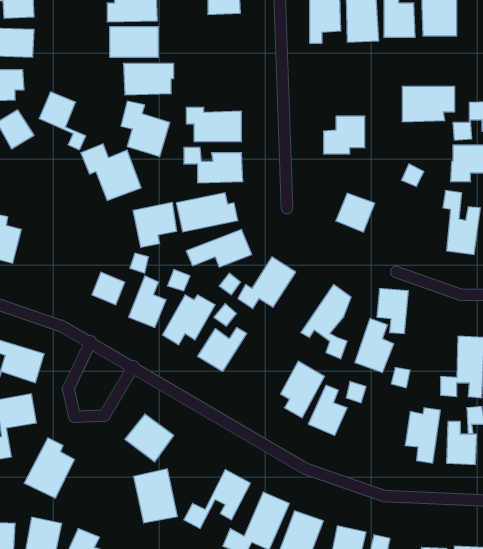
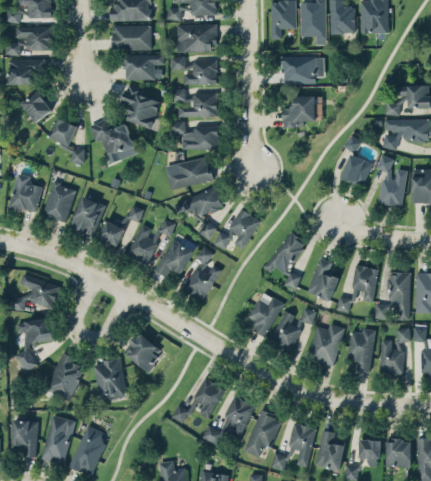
building: none -> [176,25,215,53]
building: none -> [171,57,217,85]
building: [402,87,455,122] -> [282,57,324,85]
building: [39,92,86,150] -> [48,118,85,164]
building: [336,193,375,232] -> [341,155,372,186]
building: [133,202,176,248] -> none
building: none -> [43,183,75,222]
building: none -> [70,196,105,237]
building: [377,288,408,334] -> [352,266,377,302]
building: none -> [308,324,344,365]
building: [133,469,177,523] -> [92,359,127,402]

